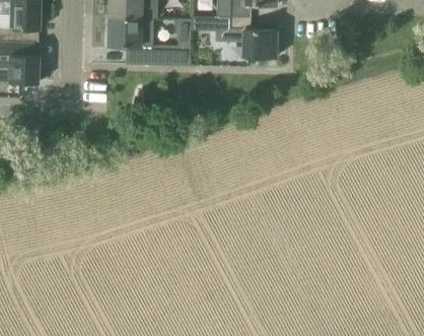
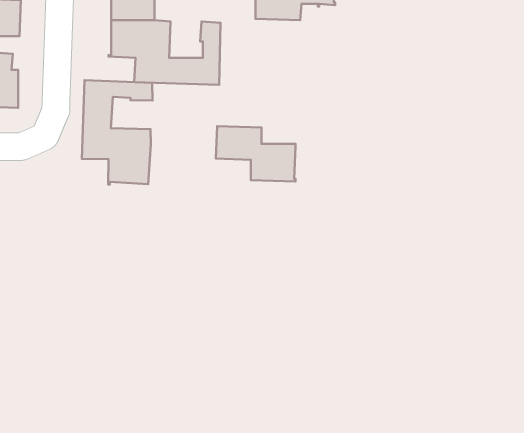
building: [215,16,275,58] -> [216,126,295,182]
building: none -> [82,80,152,184]

